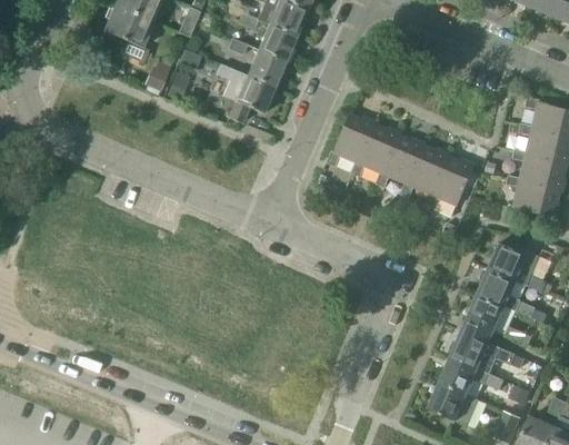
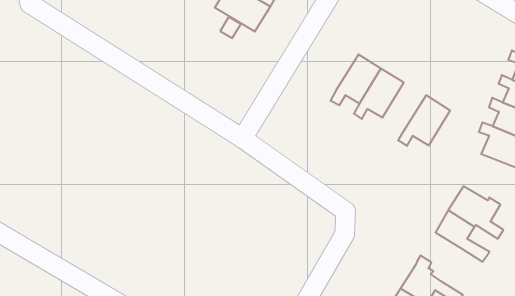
building: [327,112,373,167] -> none
building: [401,145,448,199] -> none
building: [465,294,531,346] -> none

